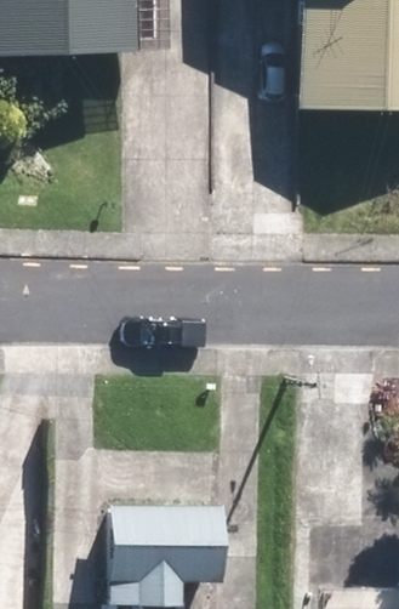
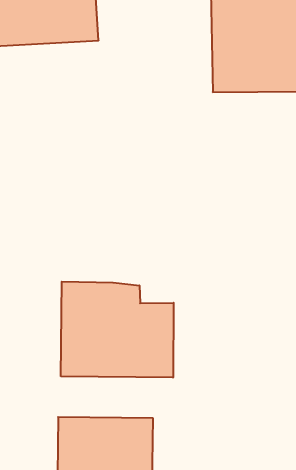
building: none -> [61,282,174,378]

